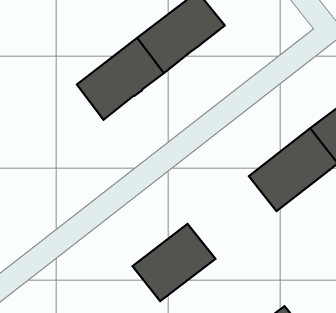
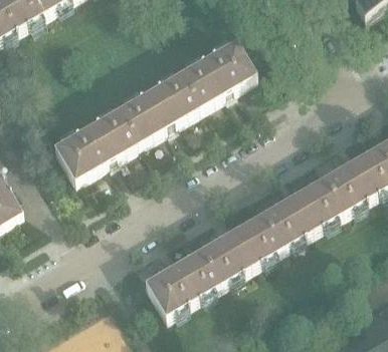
building: none -> [53,108,135,180]
building: none -> [199,212,281,283]

